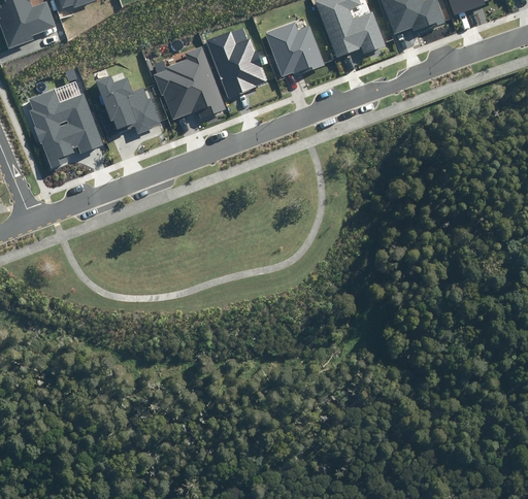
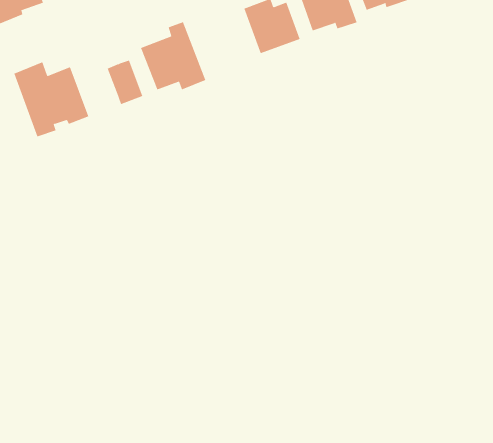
building: [206,32,267,97] -> none
building: [96,75,133,131] -> none

